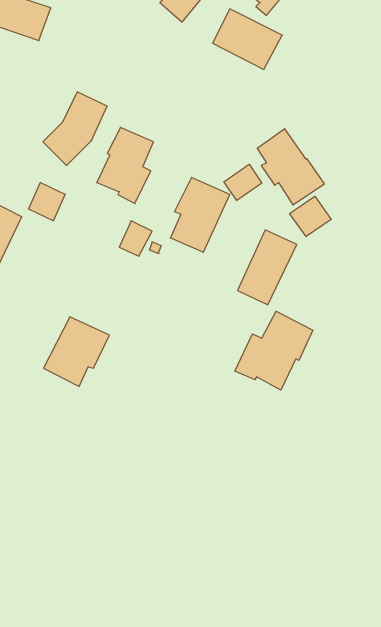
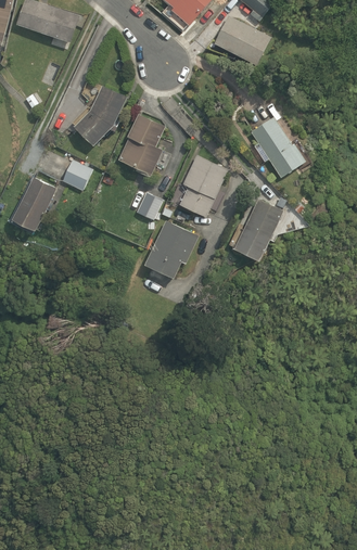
building: [224,164,262,201] -> none
building: [290,196,331,237] -> none
building: [235,311,313,390] -> none
building: [44,317,109,387] -> [143,220,197,278]

